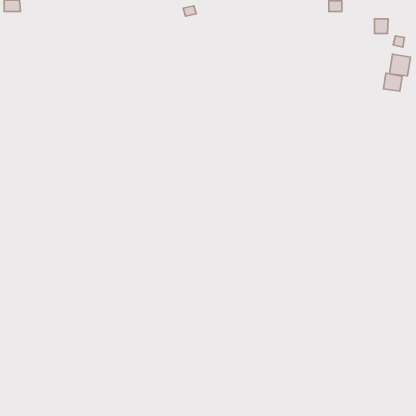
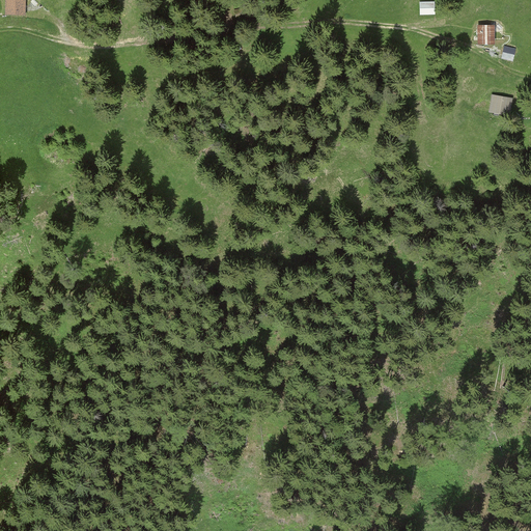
building: [390,54,410,76] -> none

